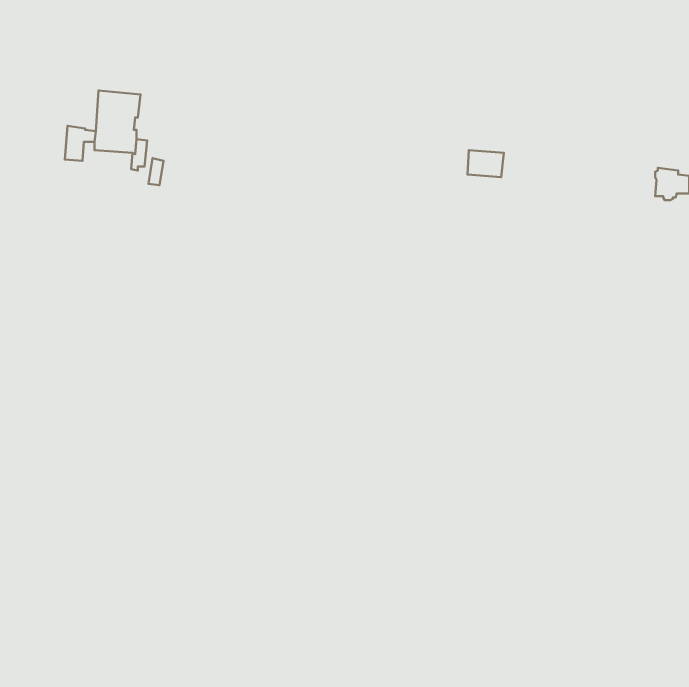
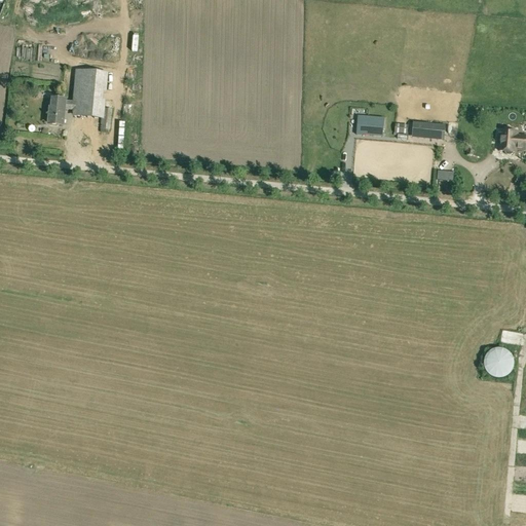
building: none -> [411,119,444,138]
building: none -> [483,346,514,376]

